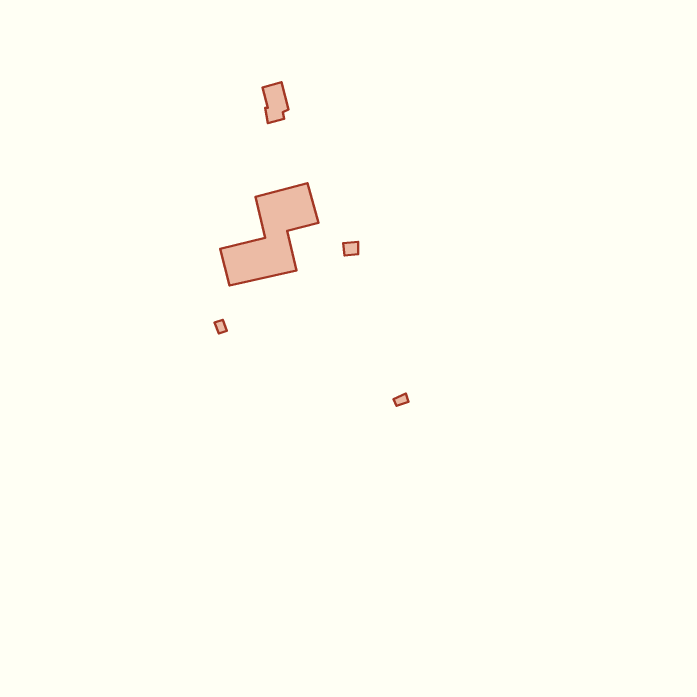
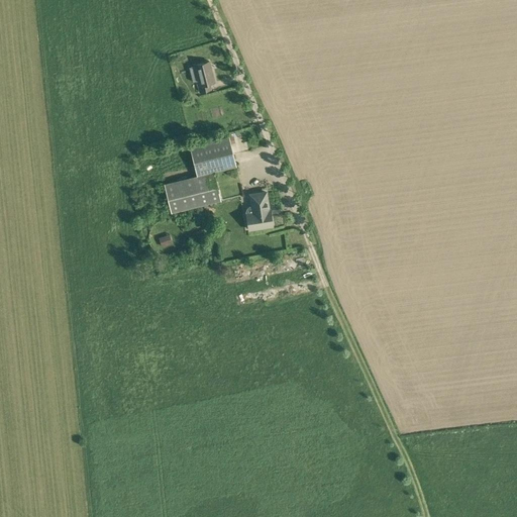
building: none -> [245,193,272,230]

